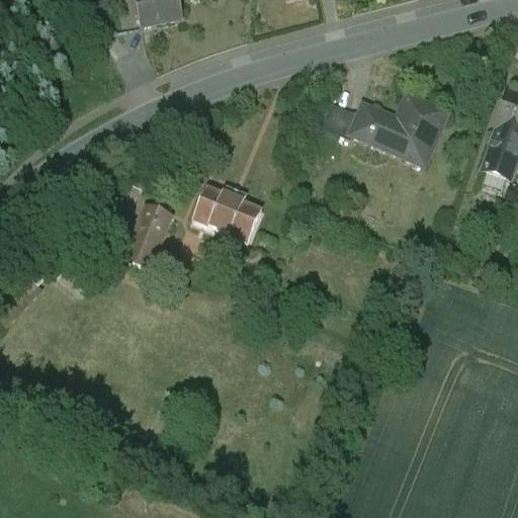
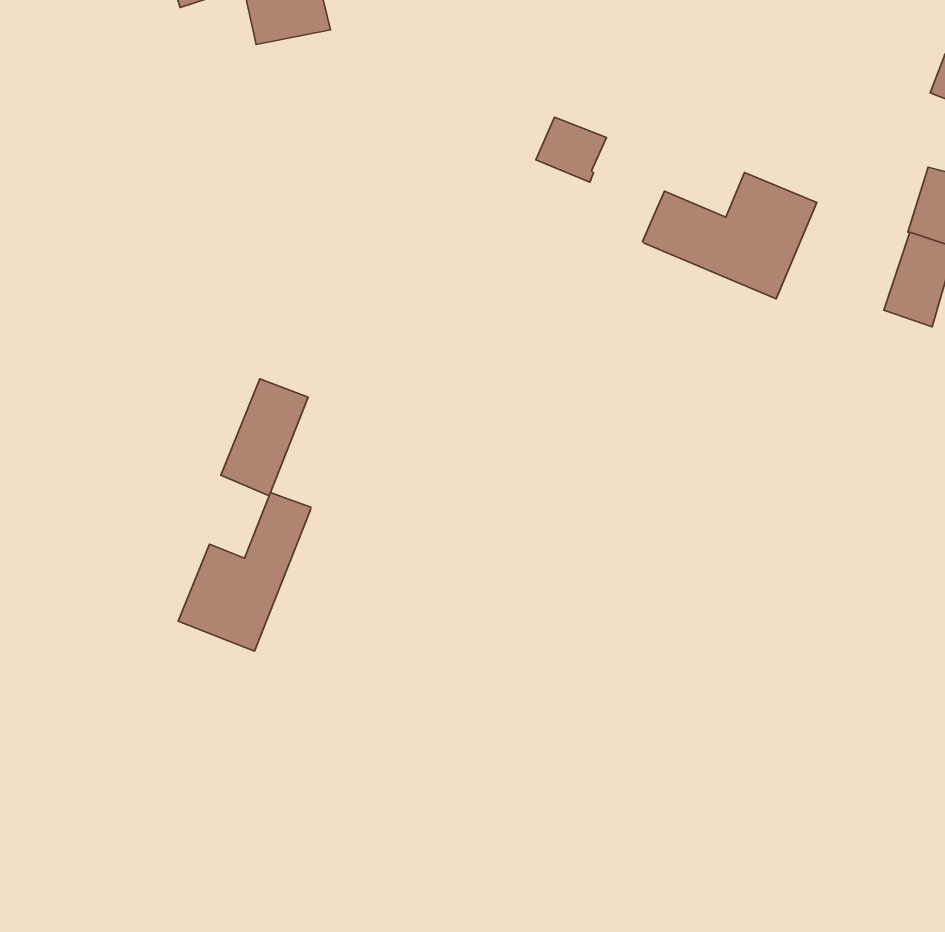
building: [322,102,360,138] -> [536,117,606,182]
building: [194,186,262,241] -> none
building: none -> [178,493,311,651]

